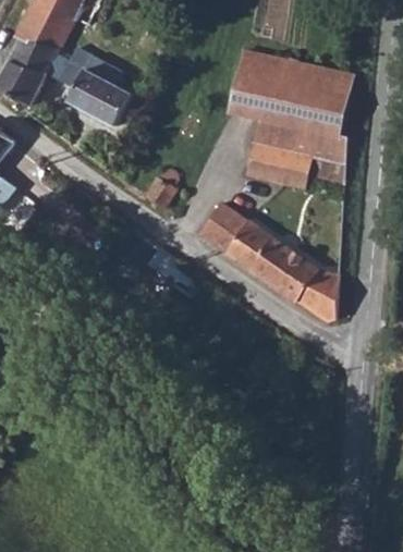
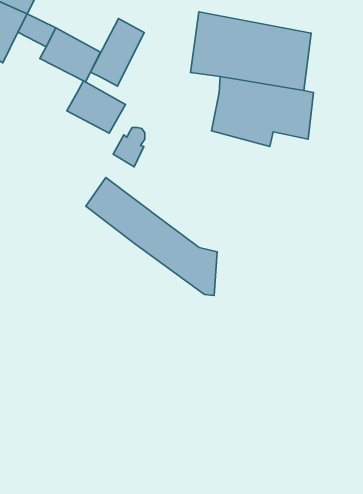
building: none -> [90,18,144,86]
building: none -> [67,81,126,133]
building: [204,199,339,320] -> [86,178,217,295]

